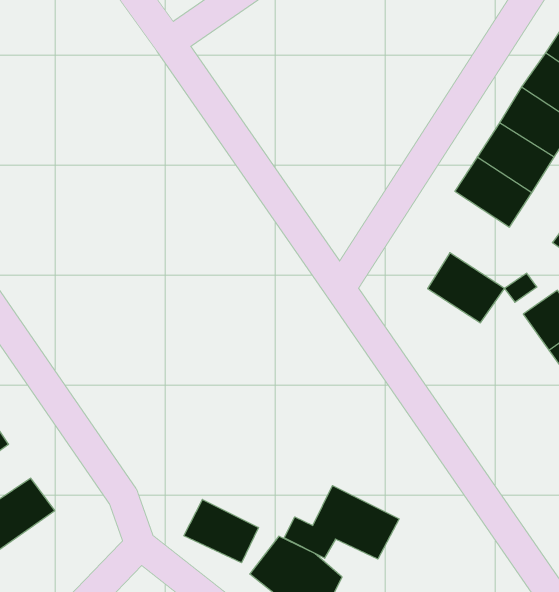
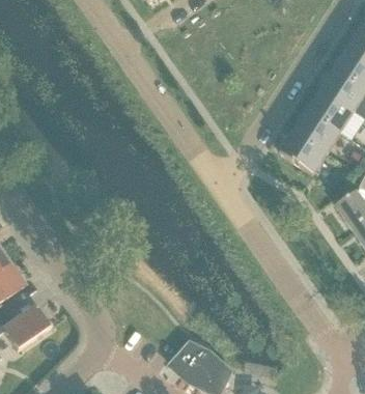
building: [428,253,504,323] -> [281,130,328,172]
building: [284,486,399,559] -> none
building: [184,499,258,563] -> none

